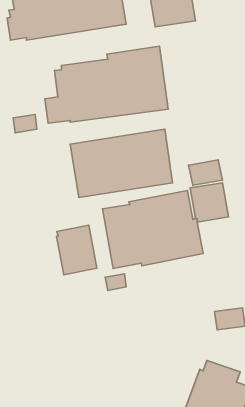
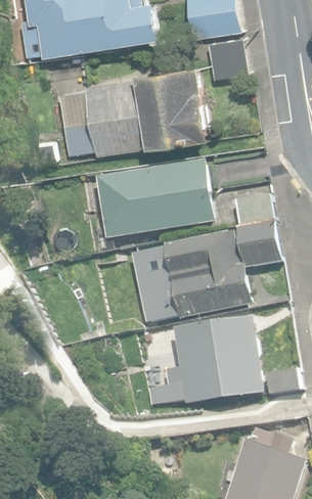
building: none -> [207,35,249,78]
building: [56,225,97,275] -> none
building: none -> [145,316,263,404]

